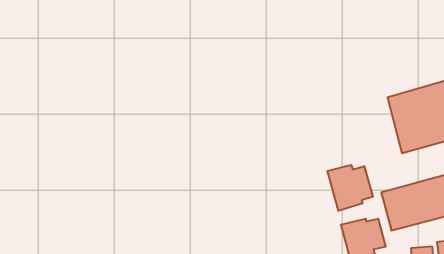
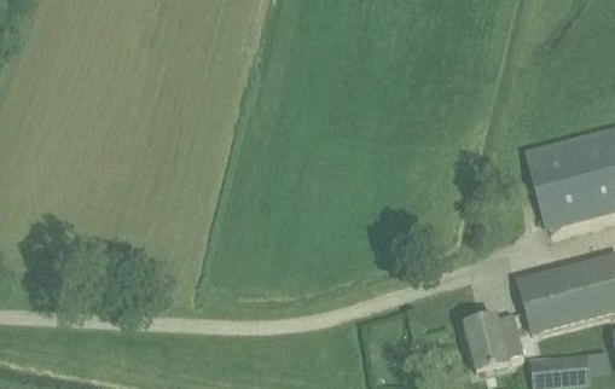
building: [327,165,373,211] -> none

